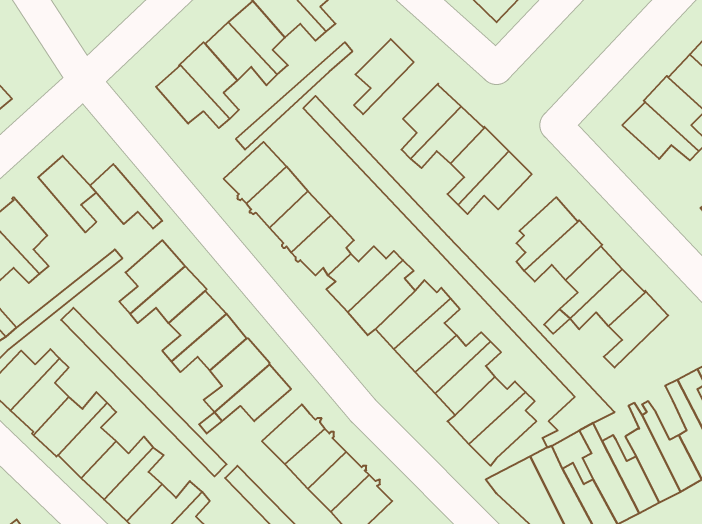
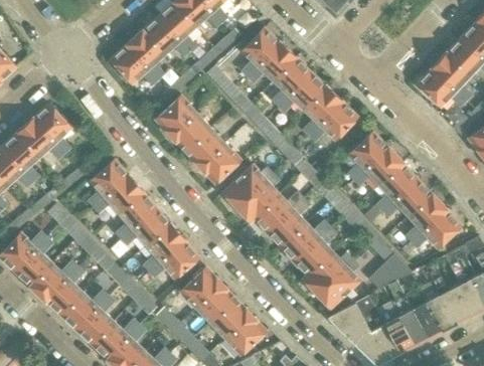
building: none -> [247,42,296,83]
building: [90,164,162,229] -> [17,118,64,160]
building: none -> [412,209,461,249]

